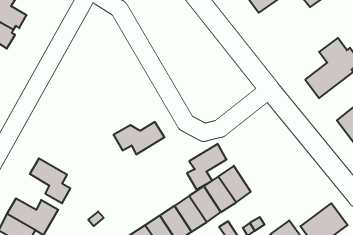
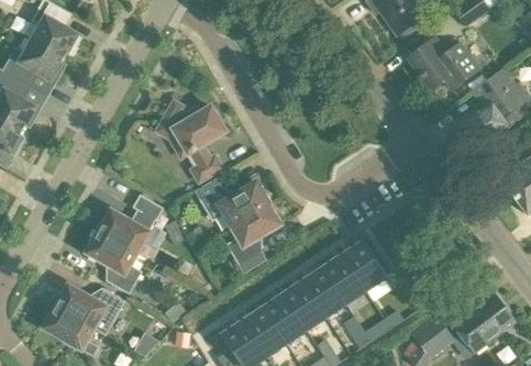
building: none -> [408,37,479,90]
building: none -> [154,98,228,184]
building: none -> [98,195,162,253]
building: [187,144,227,190] -> [226,202,280,264]

